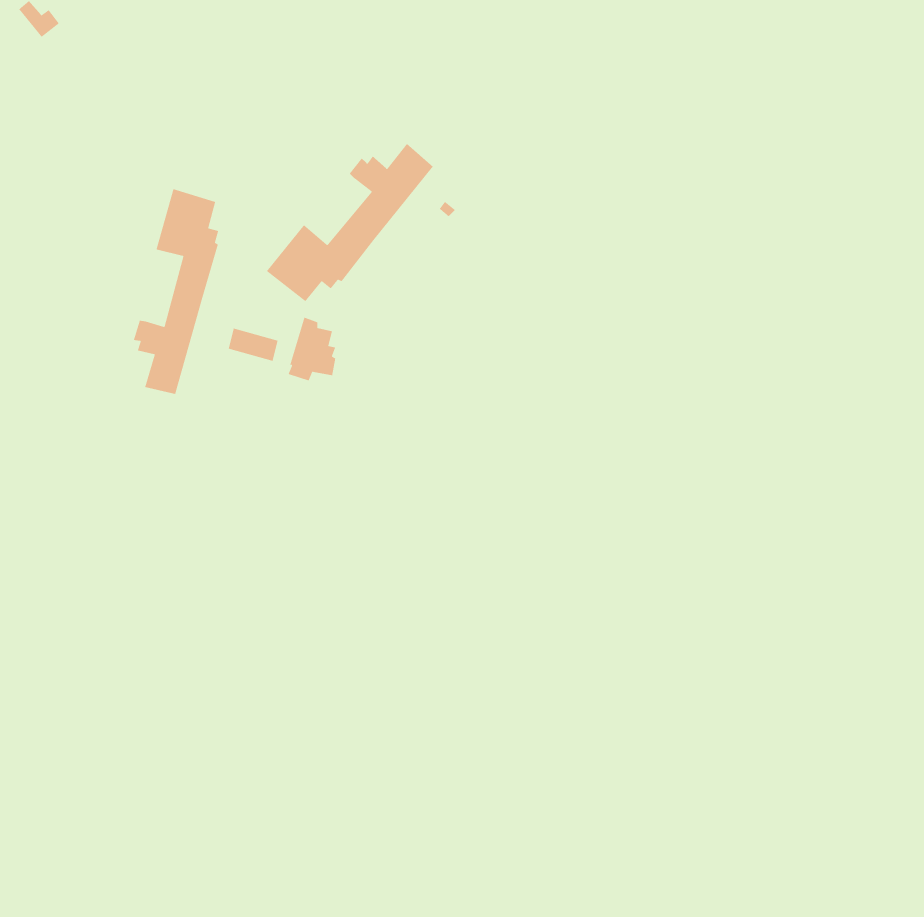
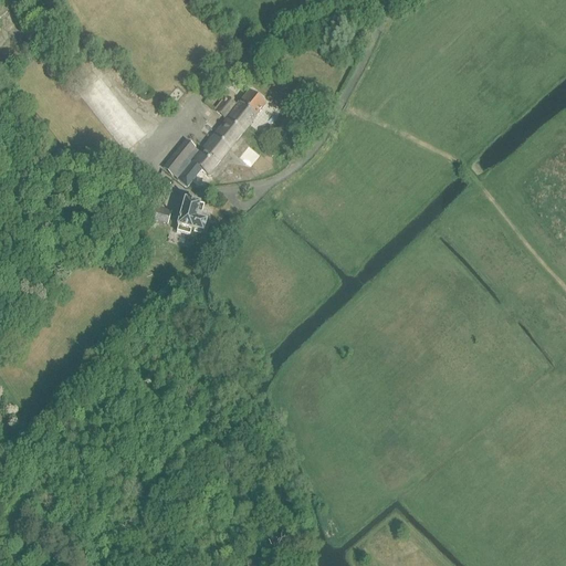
building: [133,188,219,395] -> none

